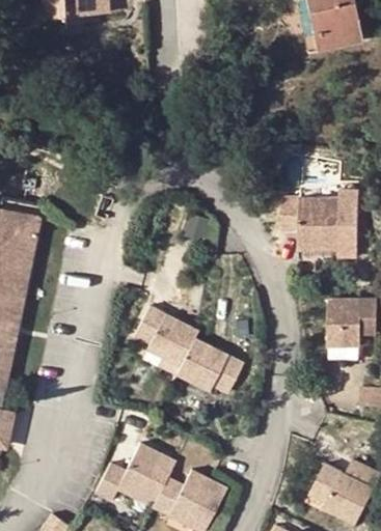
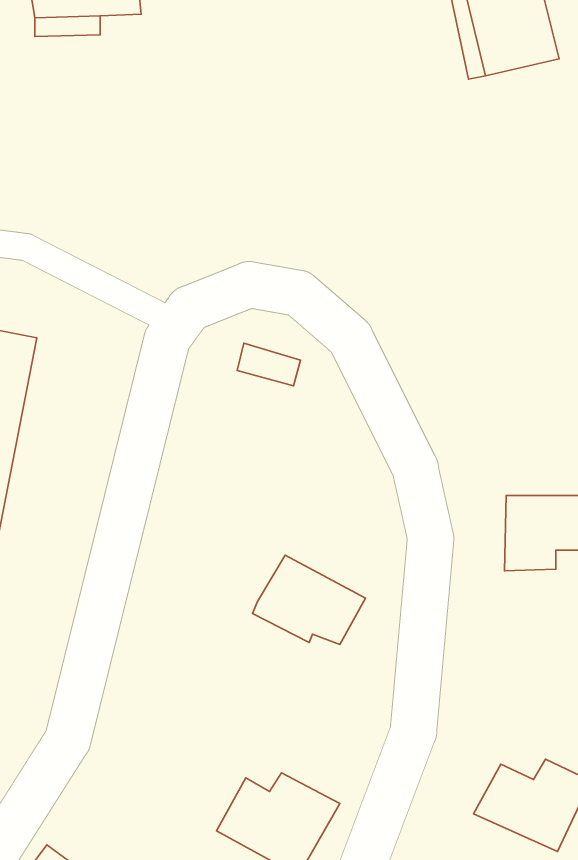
building: [280,191,359,258] -> none
building: [135,307,198,366] -> none
building: [98,443,176,505] -> none

